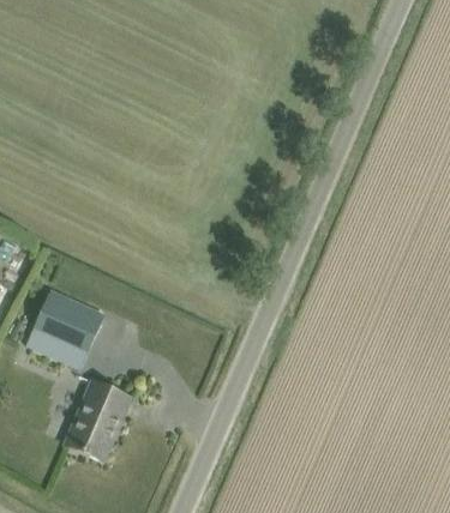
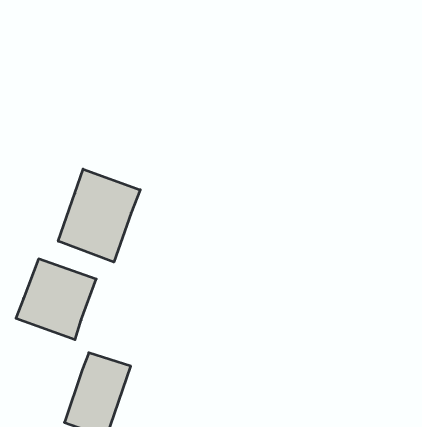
building: none -> [58,169,140,262]

